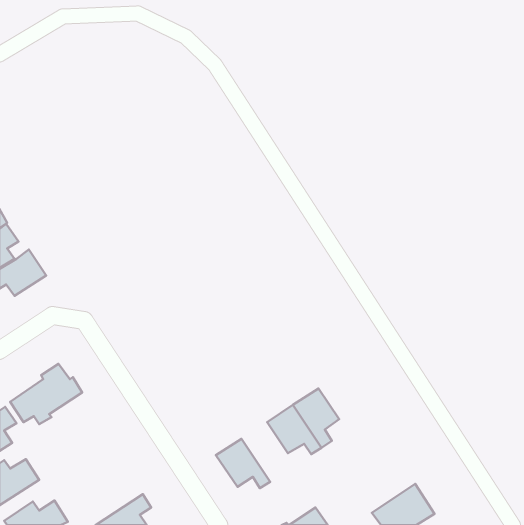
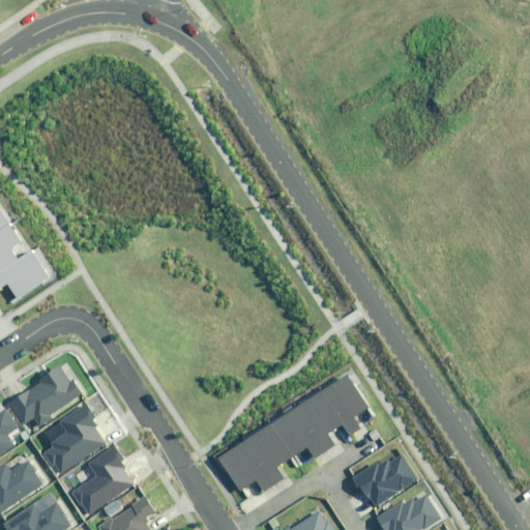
building: none -> [321,374,369,434]
building: none -> [47,406,101,473]
building: none -> [243,425,290,485]
building: none -> [72,445,132,516]
building: none -> [353,457,415,508]

